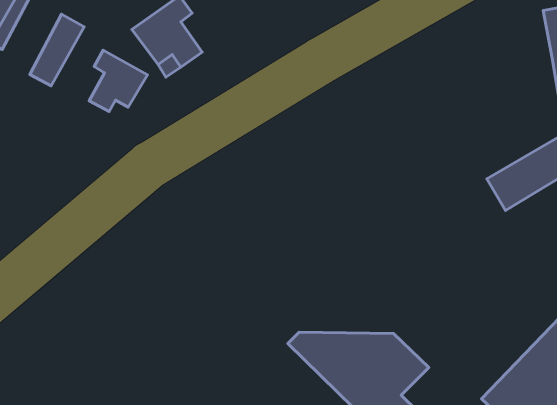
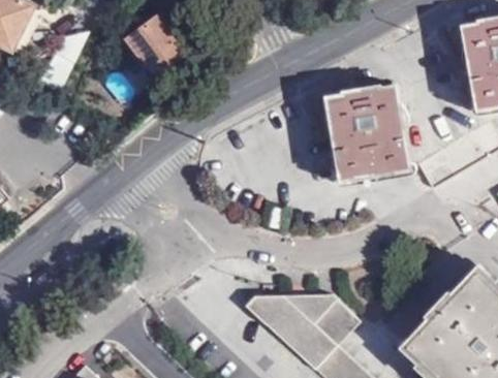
building: [89,50,147,112] -> none
building: none -> [325,87,407,179]

